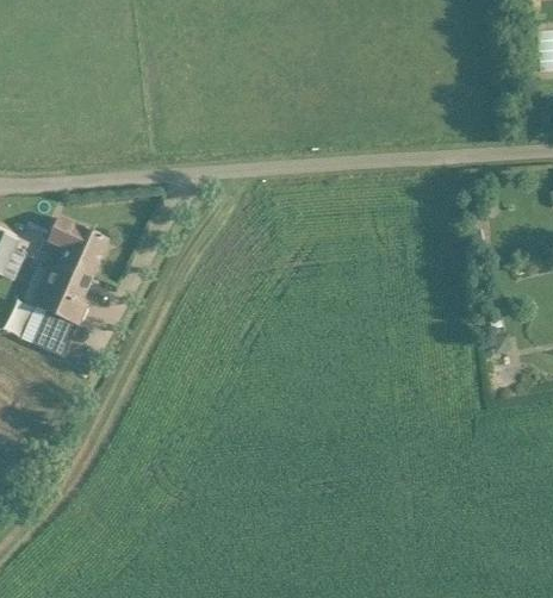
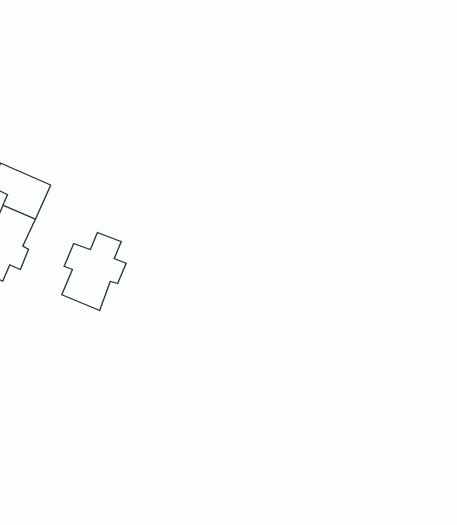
building: none -> [62,232,126,311]

